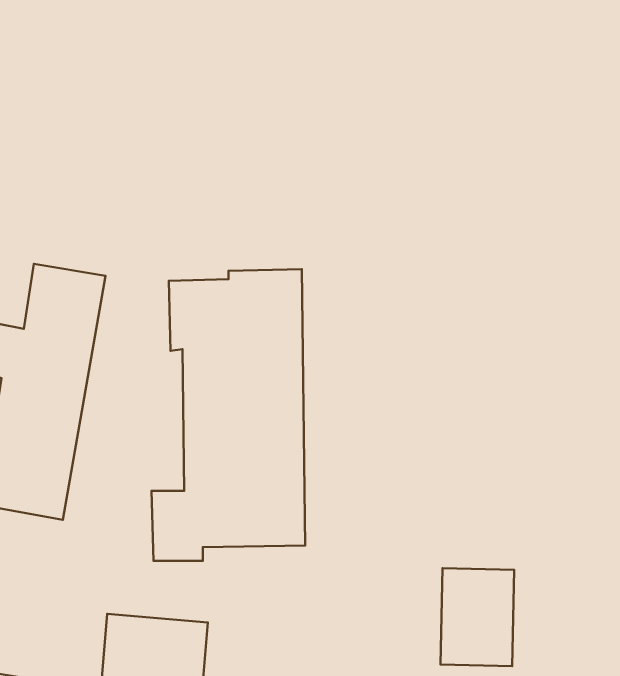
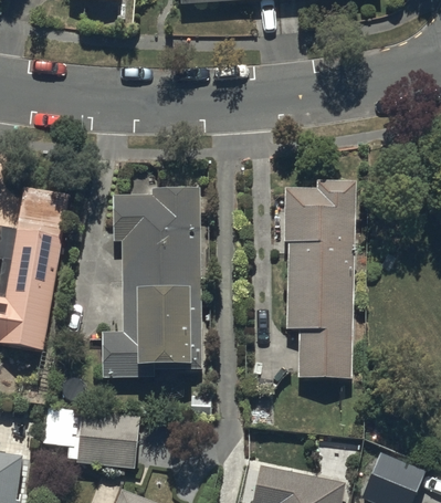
building: none -> [283,182,355,379]
building: [440,568,514,666] -> none

